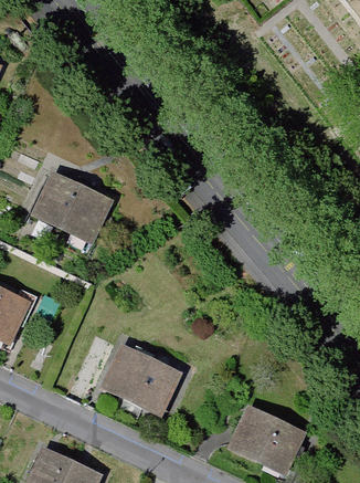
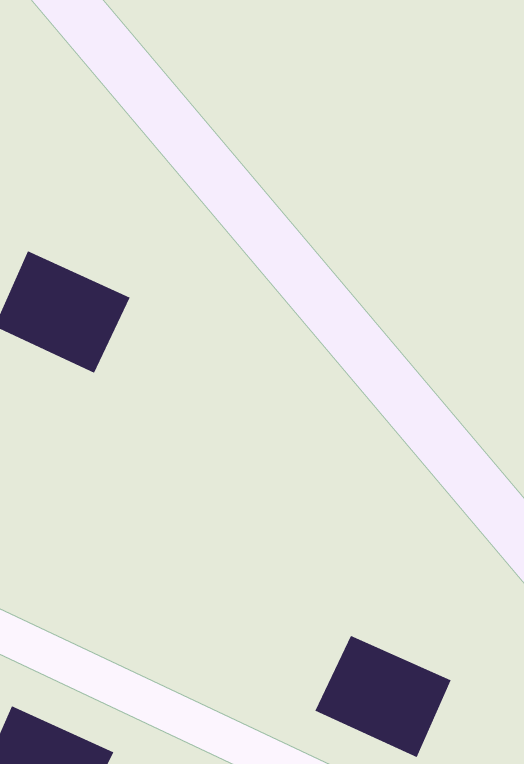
building: [102,340,186,416] -> none

